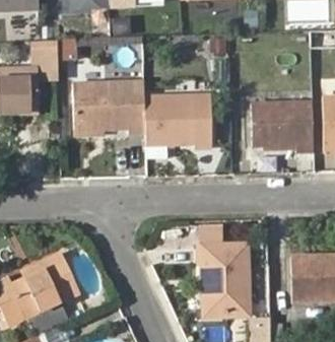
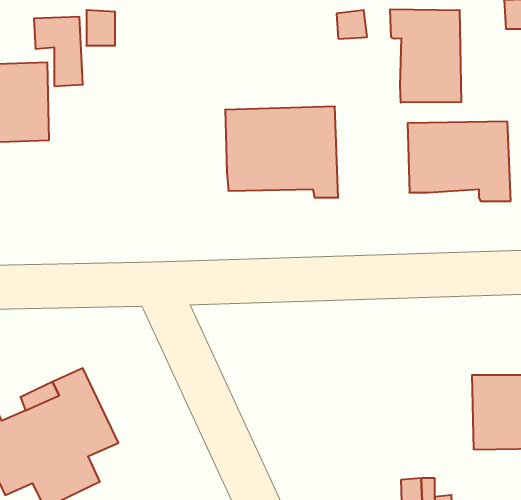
building: none -> [390,9,461,103]
building: [73,82,144,134] -> none
building: [195,245,247,317] -> none

